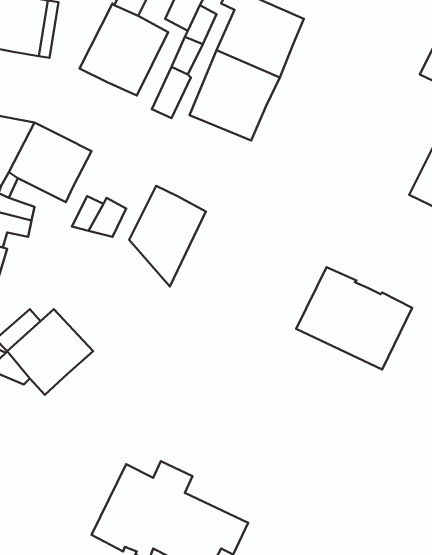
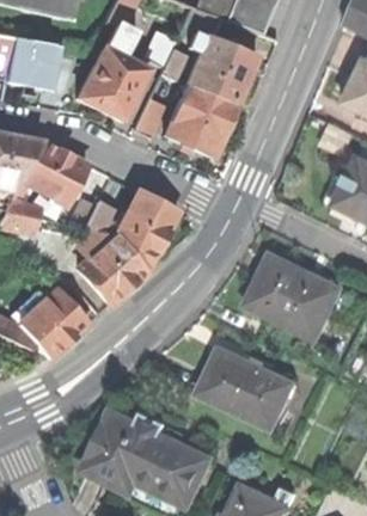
building: none -> [77,234,147,305]
building: none -> [198,349,293,430]

